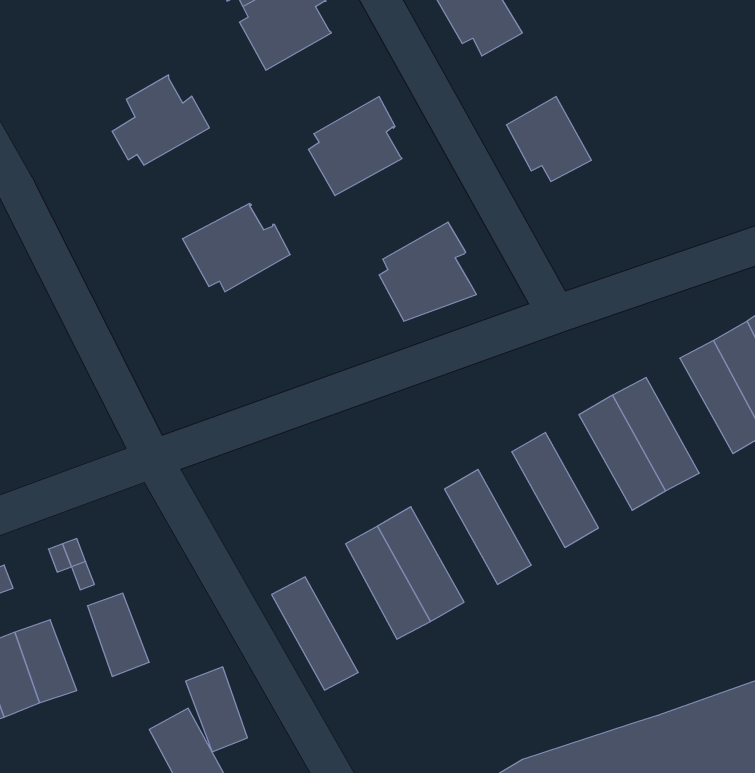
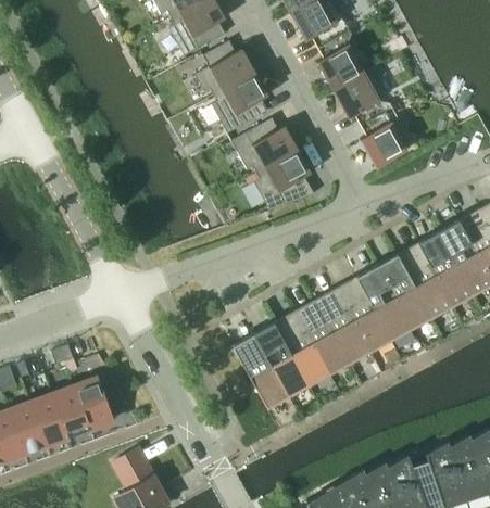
building: none -> [317,33,364,89]
building: [112,75,209,165] -> [196,39,255,94]
building: none -> [361,111,407,167]
building: [182,203,290,292] -> [231,117,298,172]
building: none -> [419,232,473,303]
building: none -> [357,267,411,336]
building: none -> [316,290,369,359]
building: [272,577,358,690] -> [275,313,328,382]
building: [186,667,247,752] -> [53,384,91,436]

